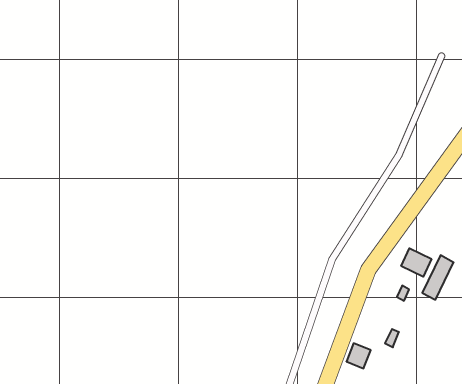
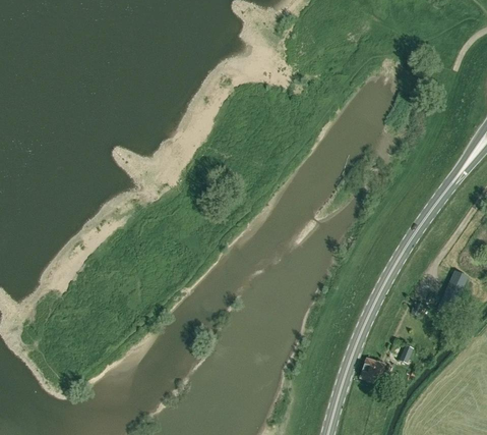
building: [401,248,431,277] -> none

